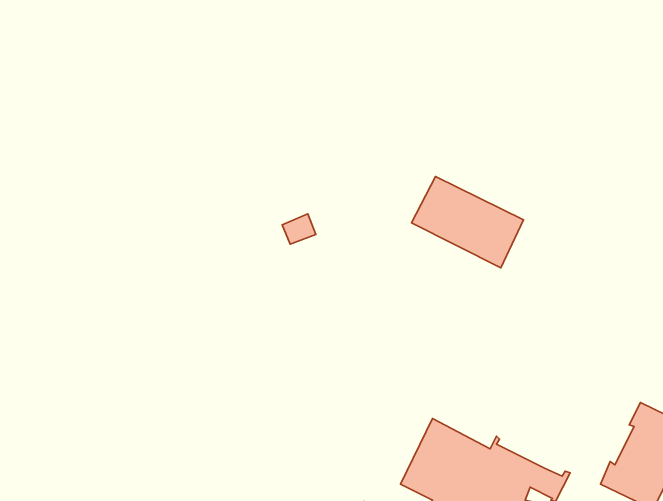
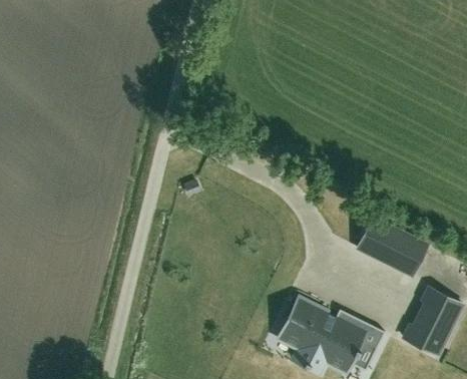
building: [411,177,523,268] -> [358,219,428,276]

